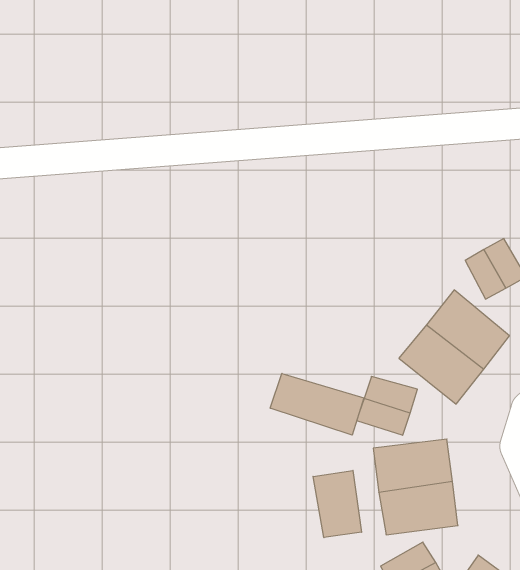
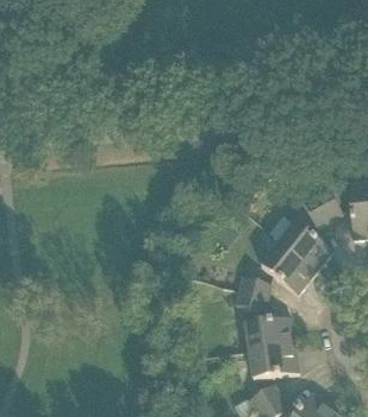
building: [270,373,364,435] -> none
building: [313,470,362,538] -> none

